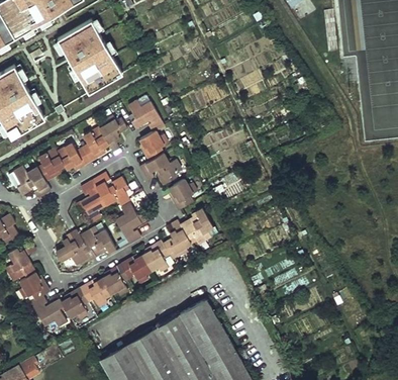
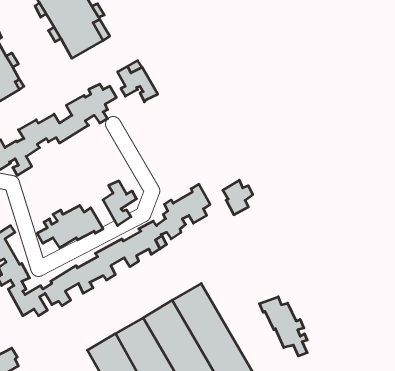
building: [139,131,181,183] -> none
building: [76,174,129,221] -> none
building: [169,180,196,211] -> [223,180,253,215]
building: none -> [259,297,307,356]

